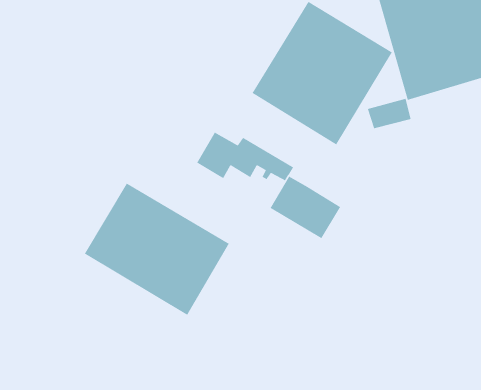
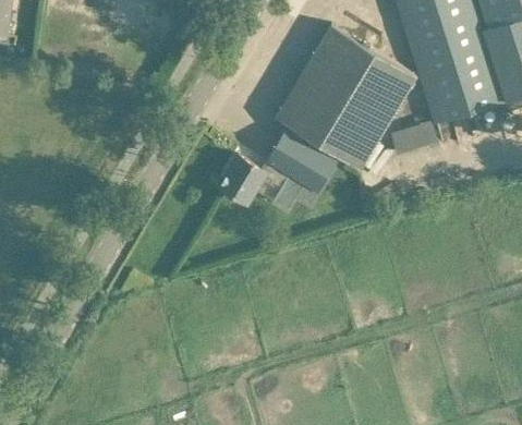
building: [269,175,341,240] -> [268,127,340,192]
building: [84,183,230,316] -> none

